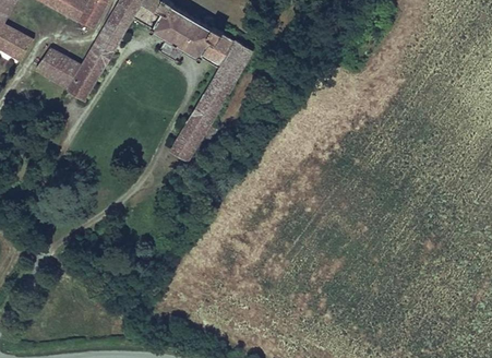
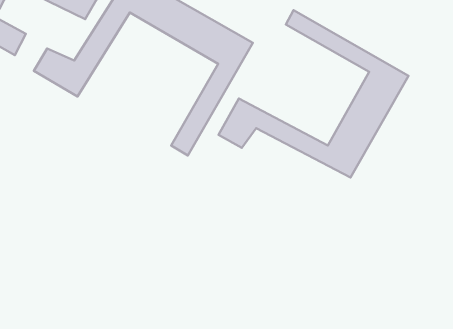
building: none -> [219,10,409,177]

